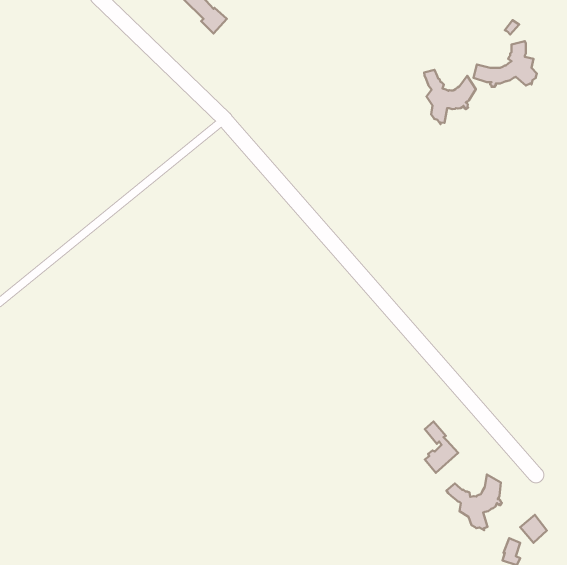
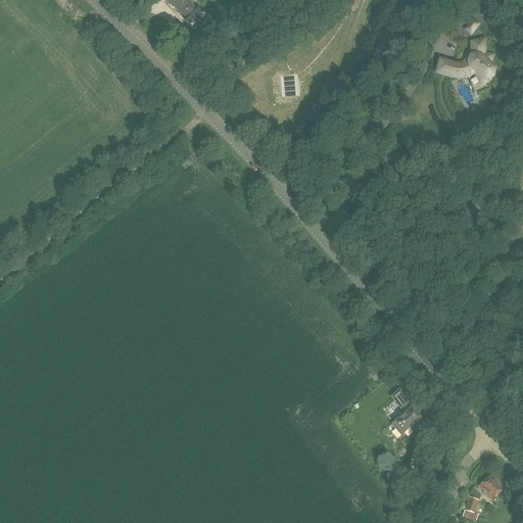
building: [424,70,476,124] -> none
building: [446,474,502,530] -> none

